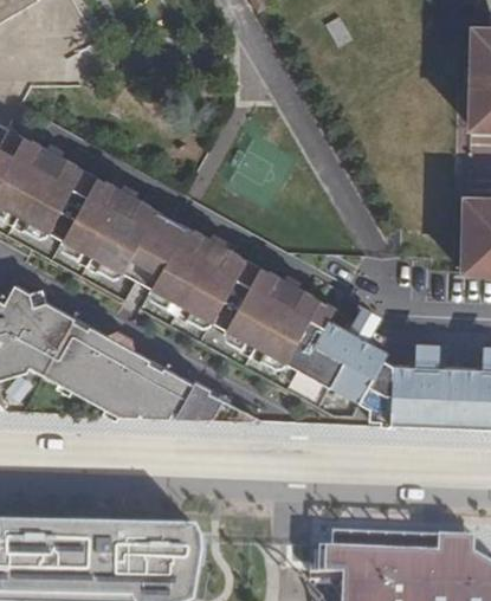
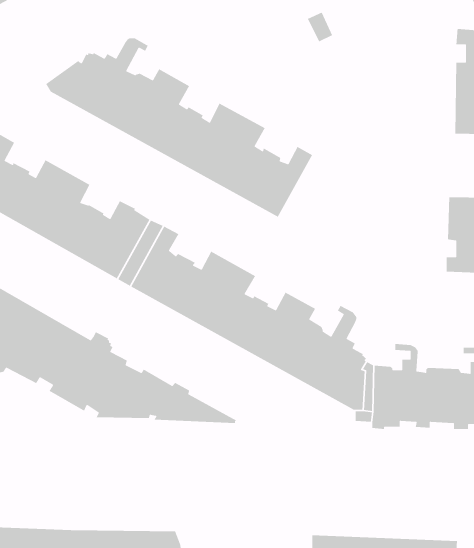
building: none -> [45,37,313,218]

